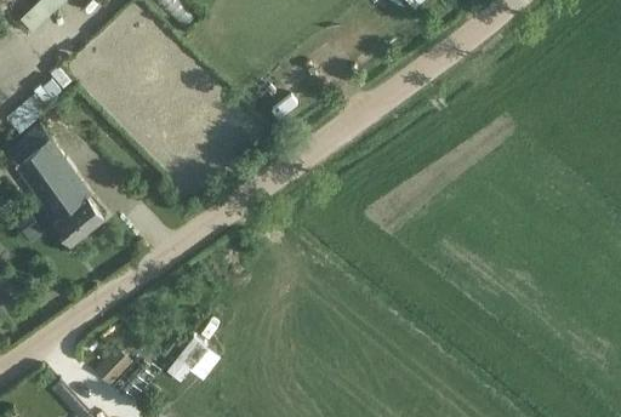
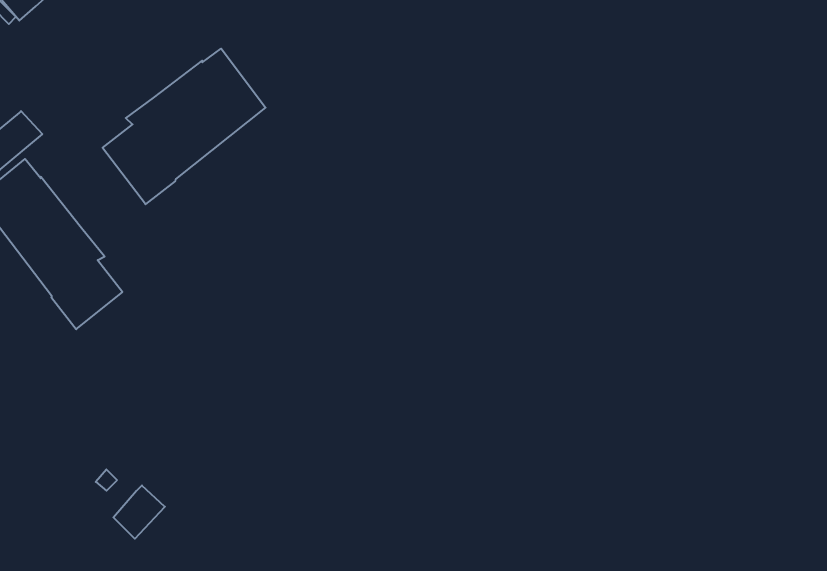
building: none -> [103,49,266,204]

